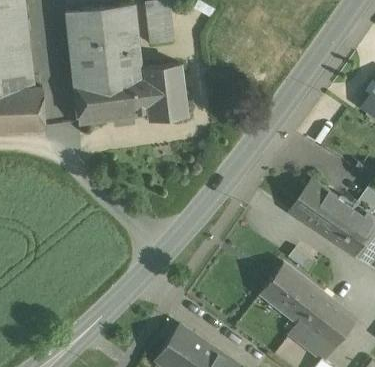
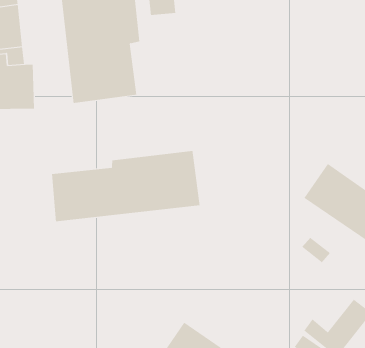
building: [131,64,185,120] -> none
building: none -> [52,150,200,222]
building: [260,263,336,335] -> none

